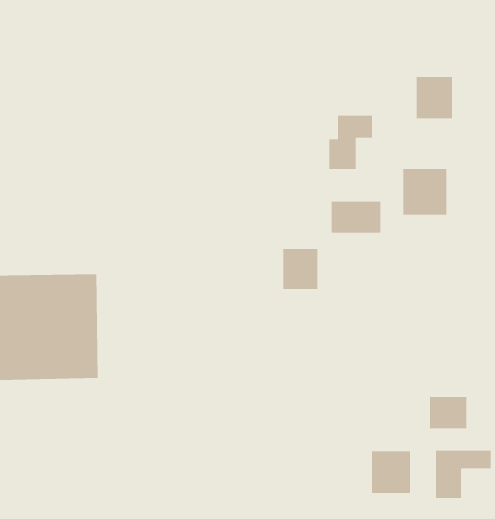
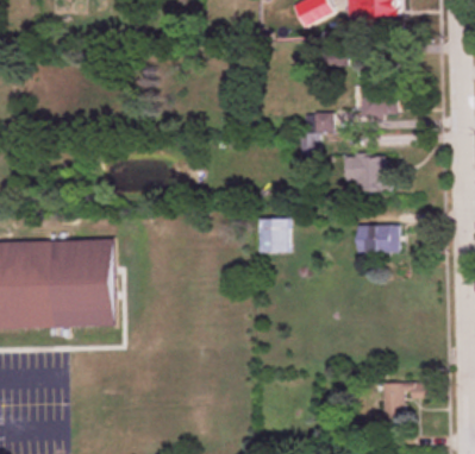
building: [331,201,381,234] -> [357,226,398,252]
building: [429,396,467,429] -> none
building: [371,451,411,494] -> none

